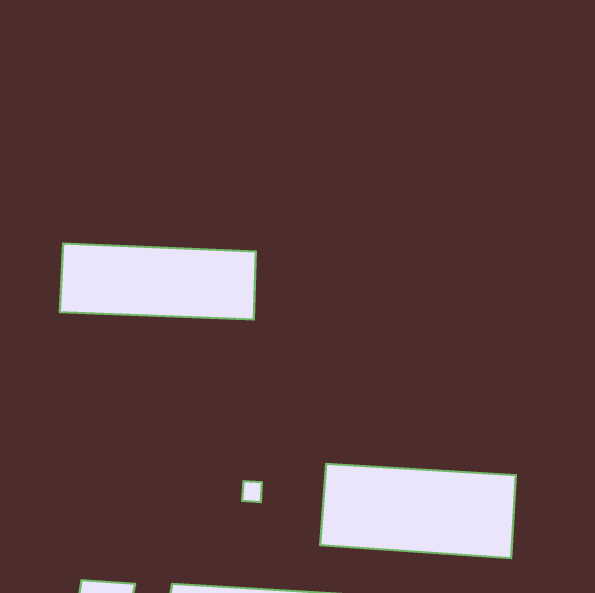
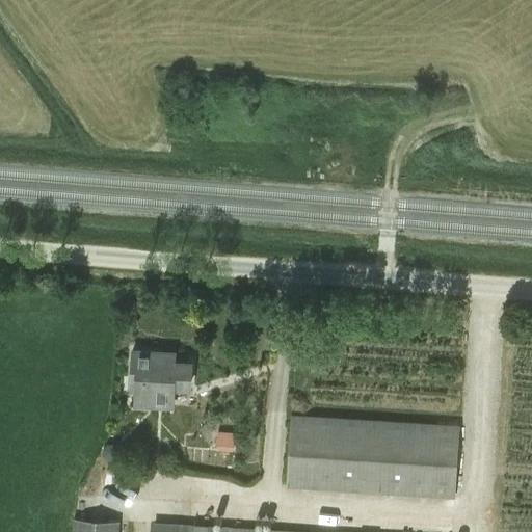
building: [60,243,256,320] -> none
building: none -> [132,352,191,406]

